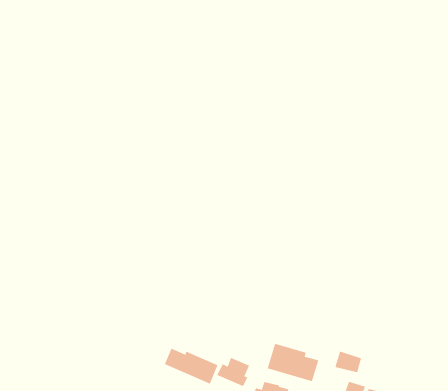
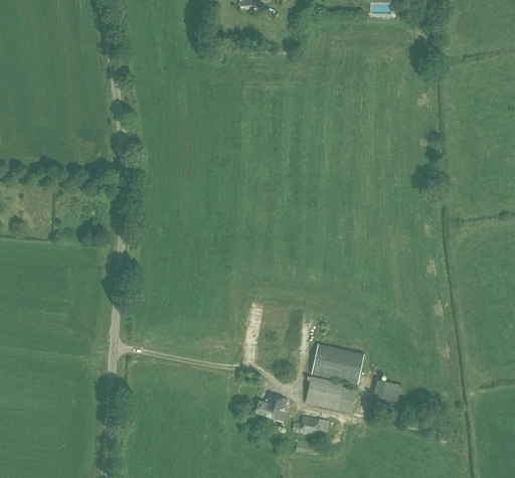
building: none -> [312,345,364,383]
building: [164,348,218,385] -> none

